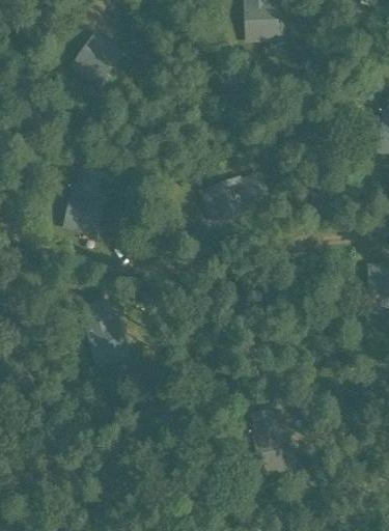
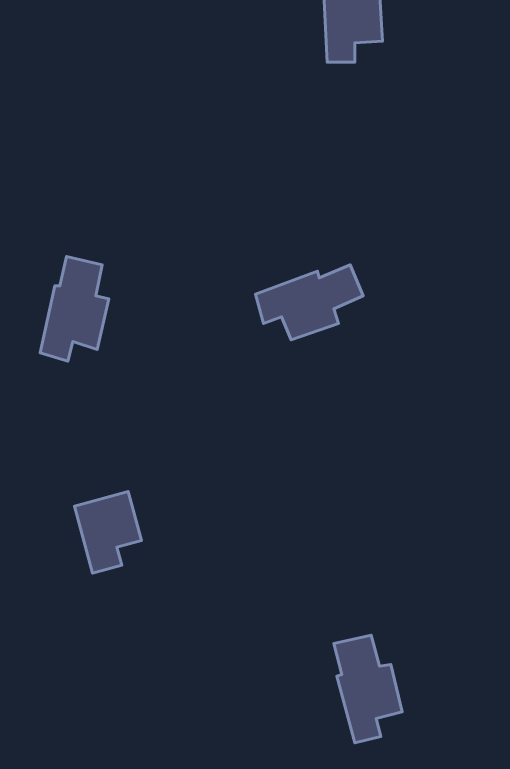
building: [68,36,123,84] -> none

